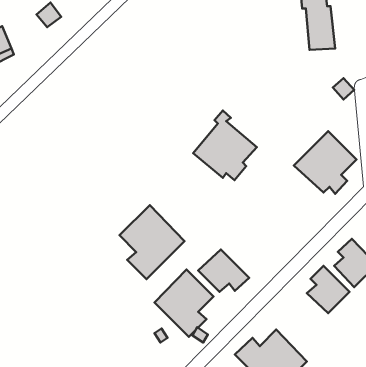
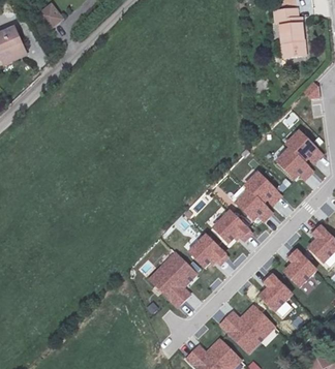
building: [193,111,257,180] -> [229,161,284,222]
building: [120,205,184,279] -> none
building: none -> [206,203,253,243]
building: none -> [256,270,294,317]

